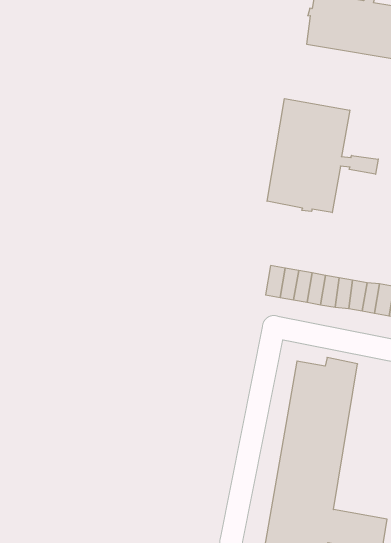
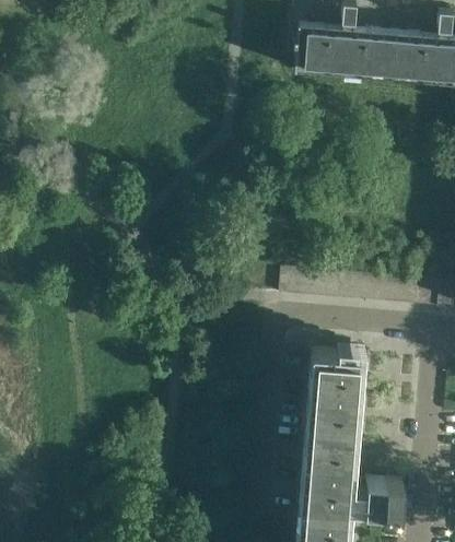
building: [267,99,378,213] -> none

